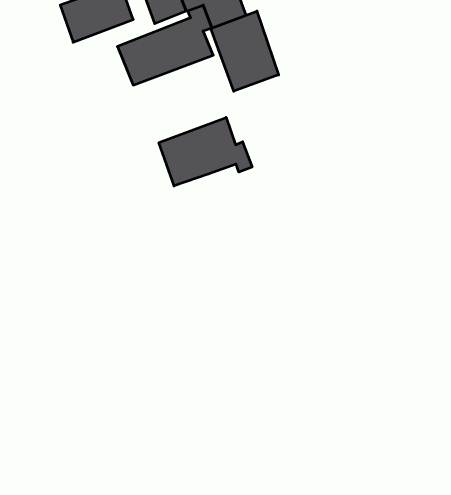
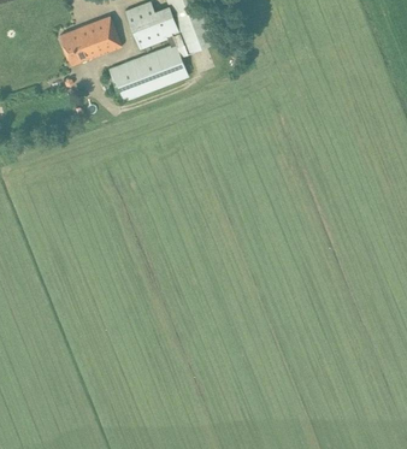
building: [211,11,279,91] -> none
building: [159,117,252,186] -> none

